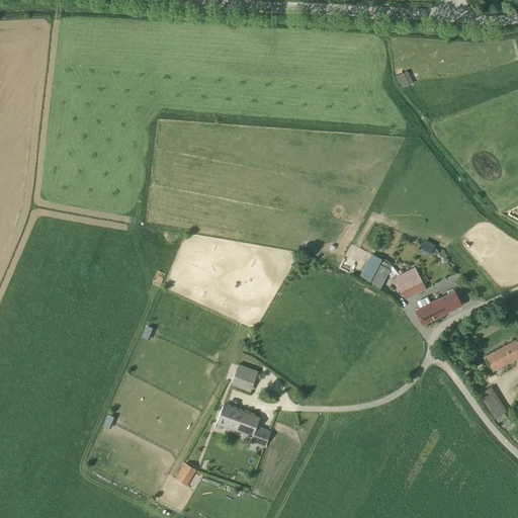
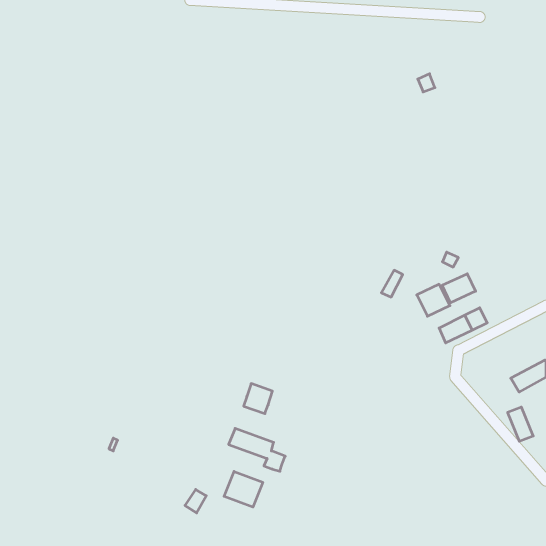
building: none -> [442,274,476,303]
building: none -> [224,471,263,507]

